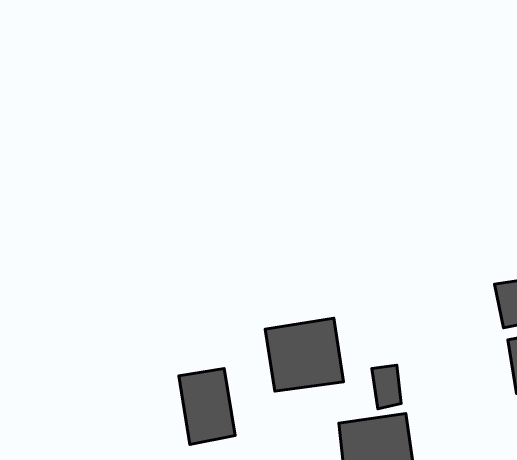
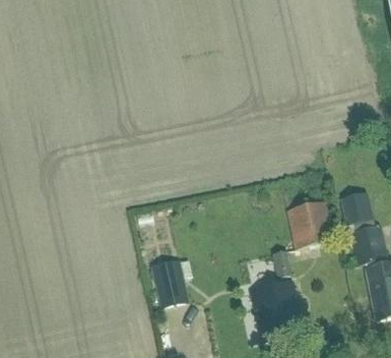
building: [265,318,343,391] -> [284,201,334,248]

